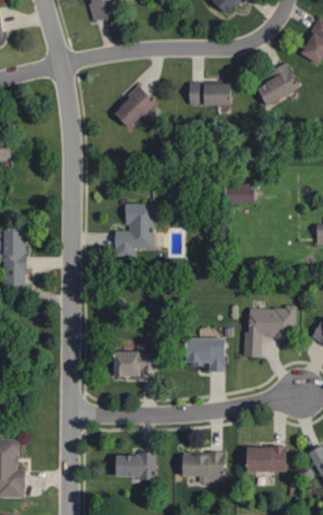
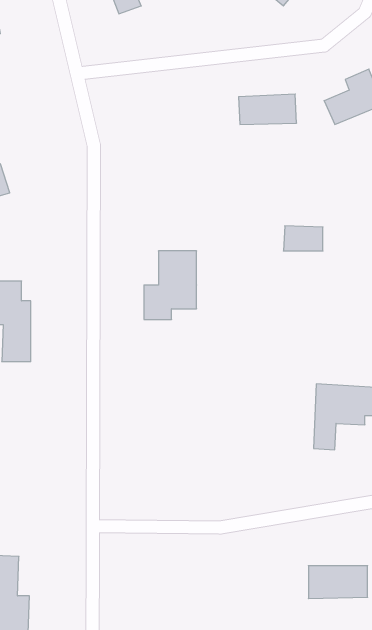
building: [111,87,155,132] -> none
building: [181,337,227,373] -> none
building: [111,352,155,375] -> none
building: [111,454,157,480] -> none
building: [179,454,225,481] -> none

